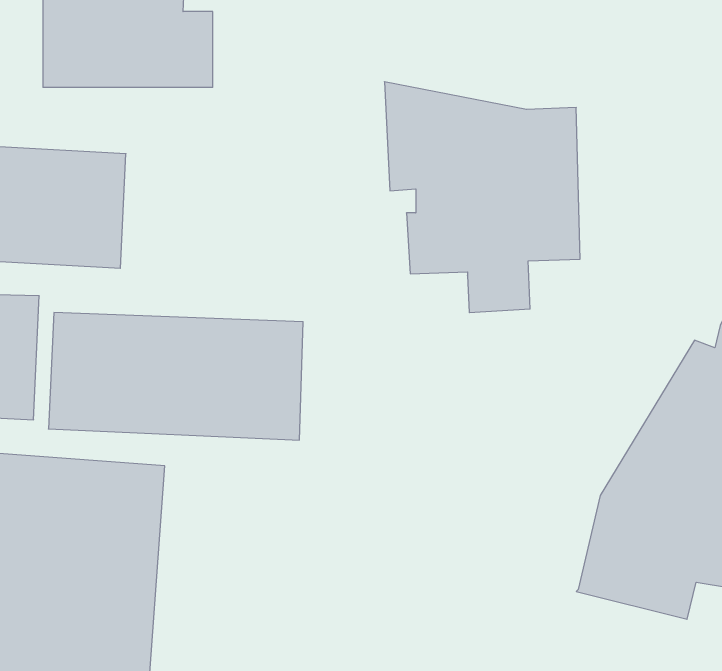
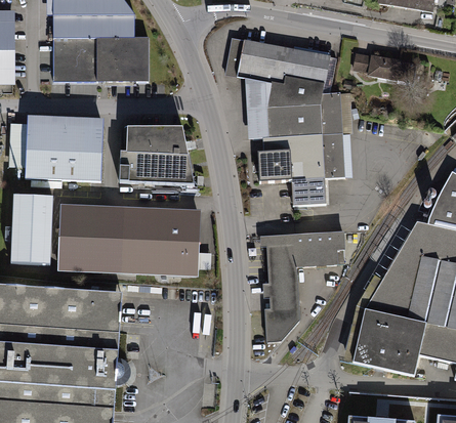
building: none -> [224,37,330,93]
building: none -> [353,52,416,82]
building: none -> [118,126,194,183]
building: none -> [260,230,344,342]

